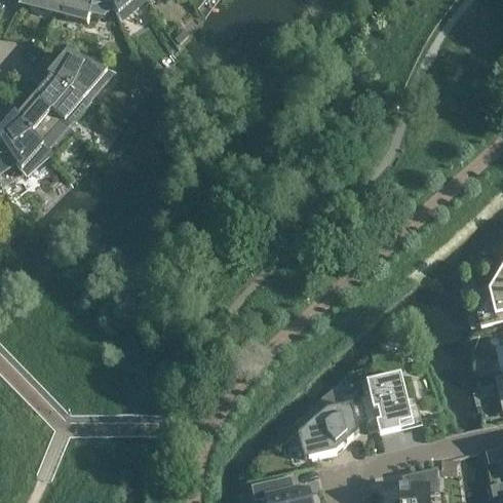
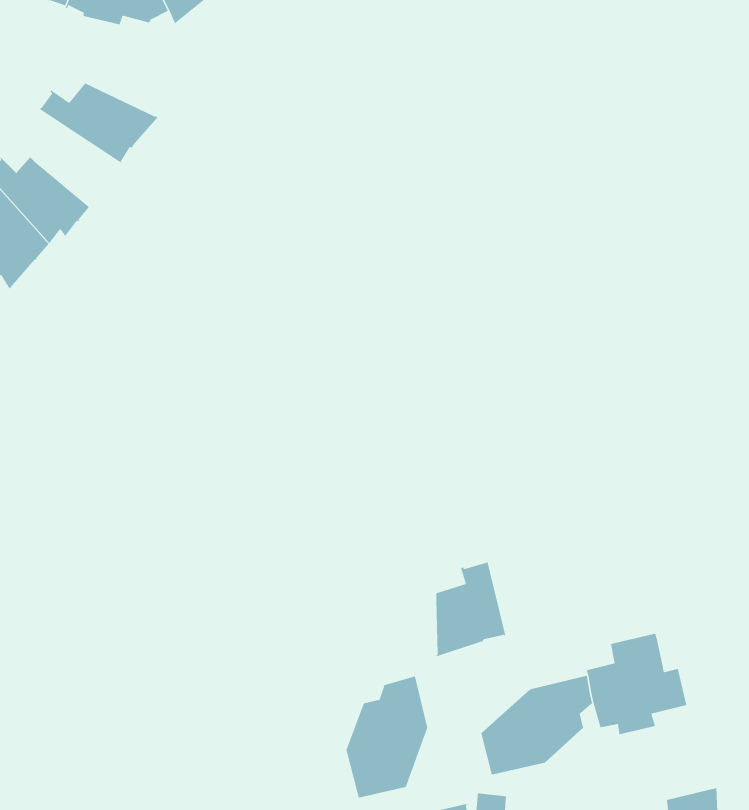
building: [32,68,91,125] -> none
building: none -> [435,561,506,657]
building: none -> [346,675,428,799]

